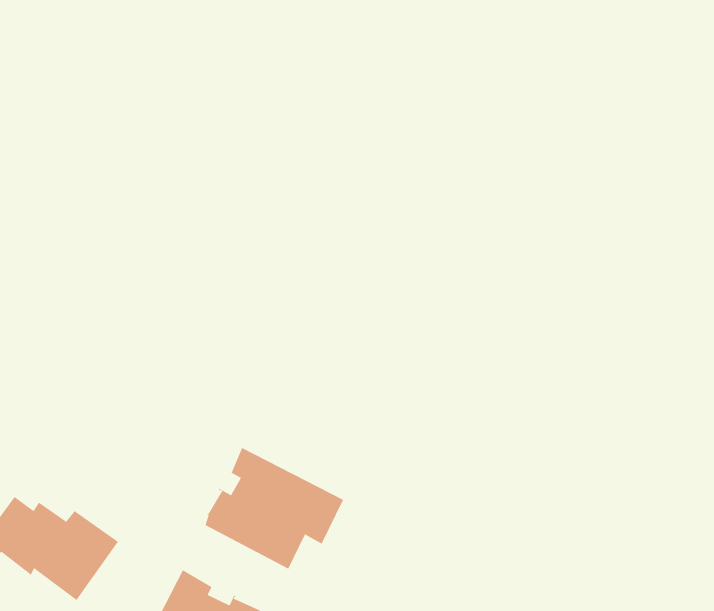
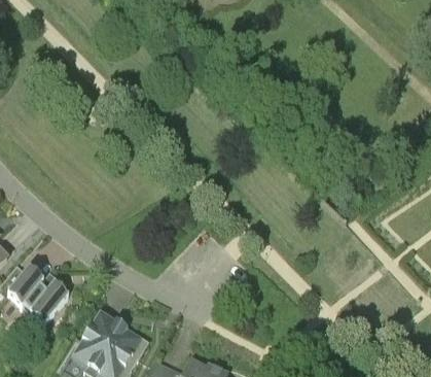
building: [205,447,344,569] -> none

